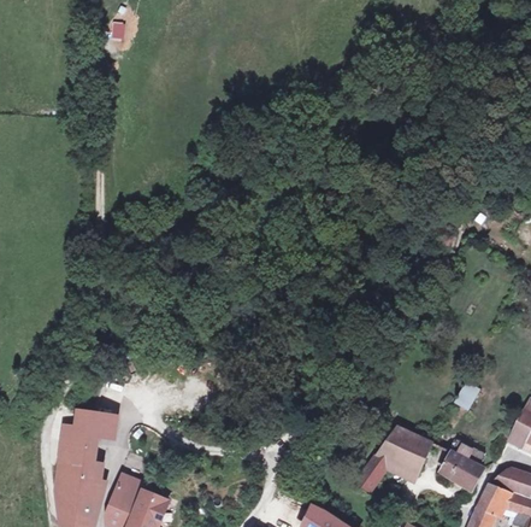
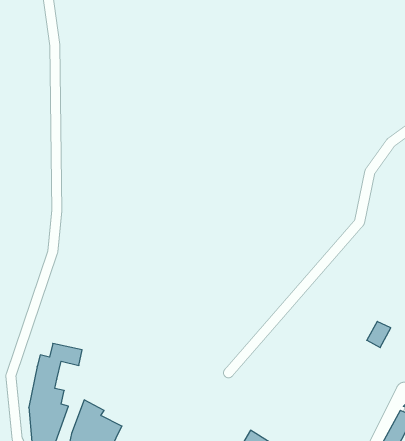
building: [356,426,435,490] -> none
building: [436,441,480,492] -> none

